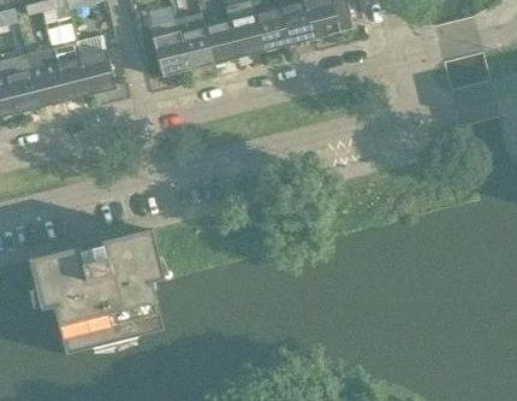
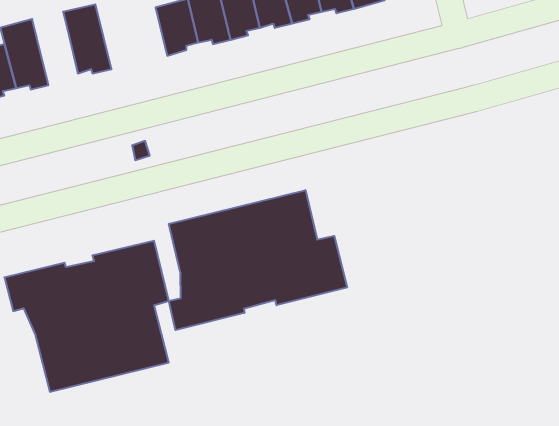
building: [49,41,87,101] -> none
building: none -> [169,190,347,330]

